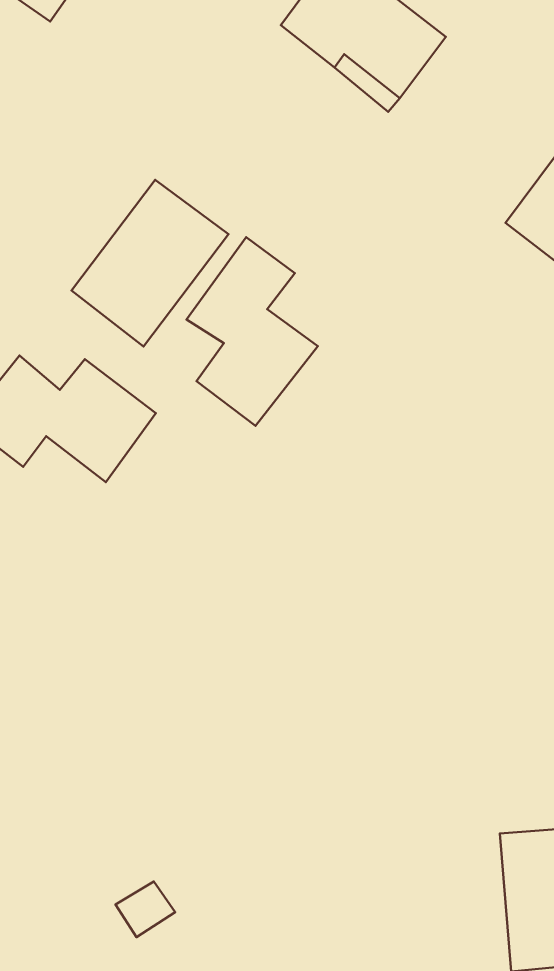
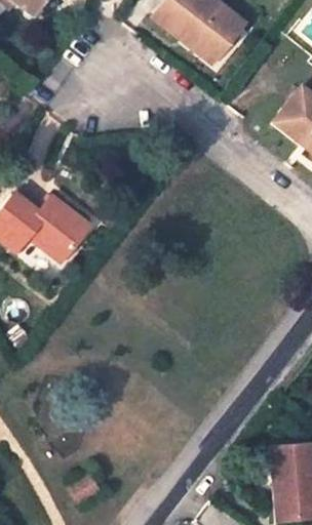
building: [71,180,228,346] -> none
building: [186,237,318,426] -> none

